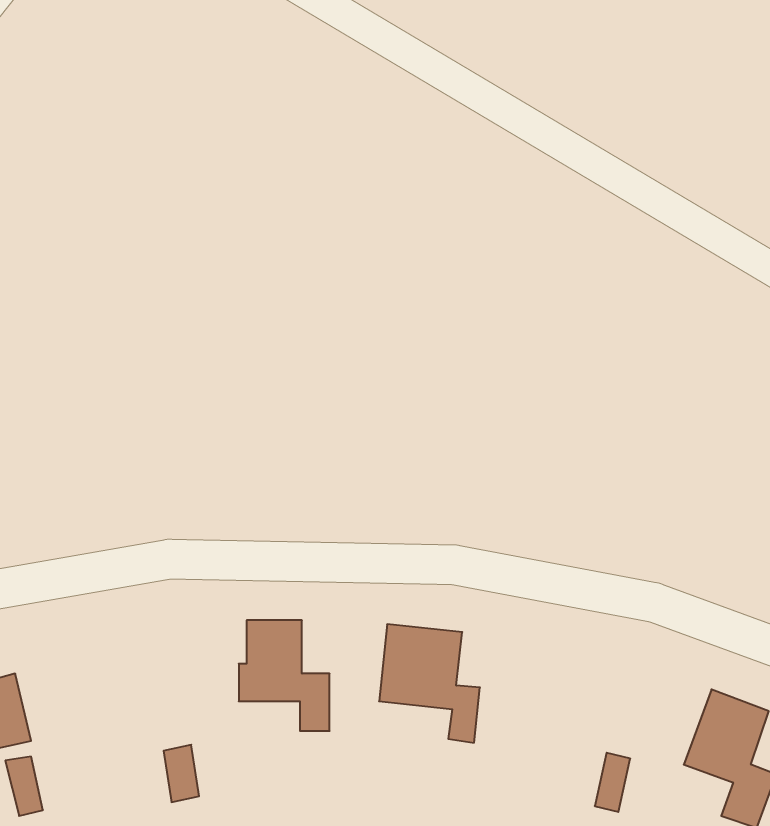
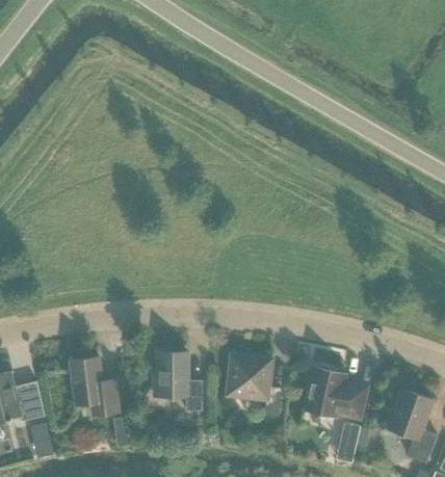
building: none -> [70,356,119,415]
building: none -> [305,367,366,417]

